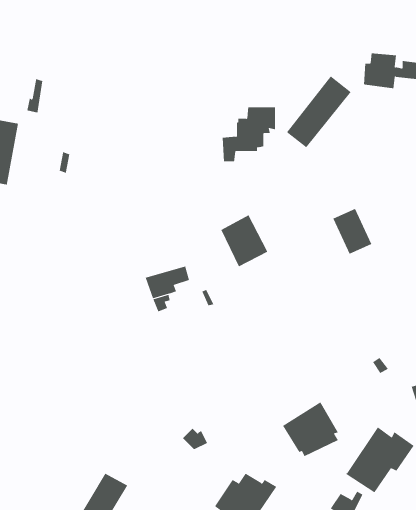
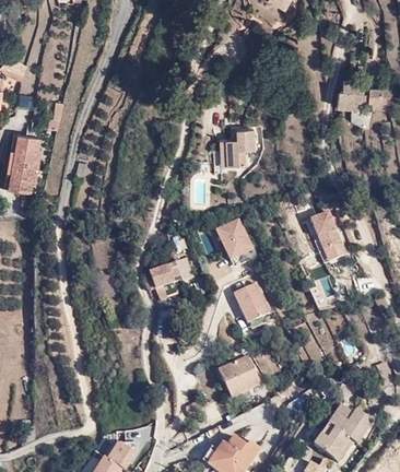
building: [286,75,352,148] -> none
building: none -> [231,281,270,323]
building: [282,402,339,457] -> [213,351,261,398]

